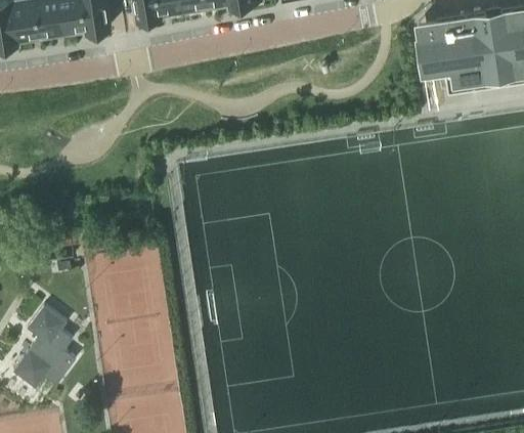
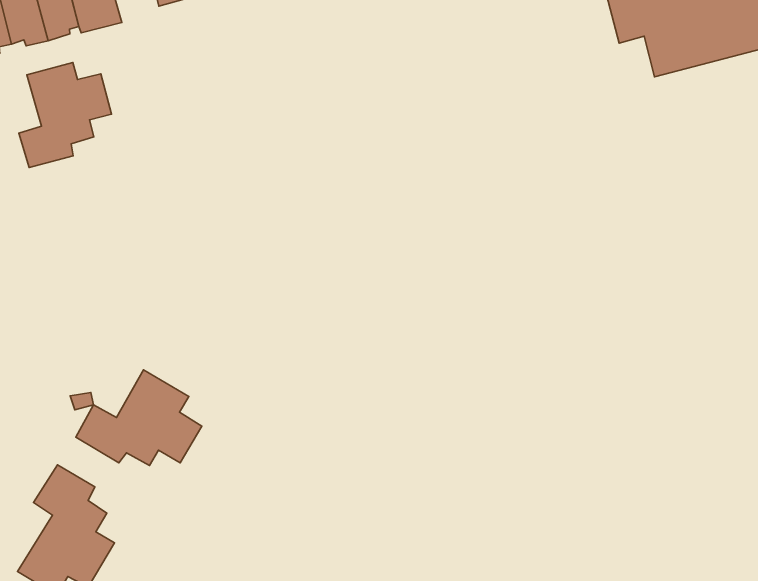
building: none -> [19,62,112,167]
building: none -> [76,370,202,465]

